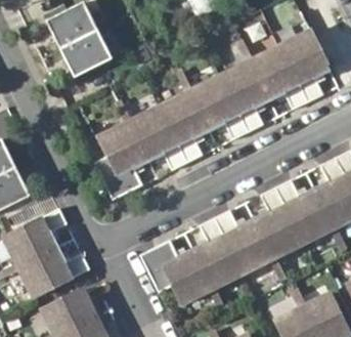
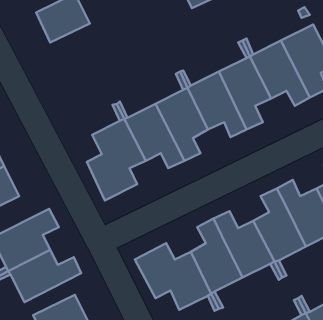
building: [60,30,113,76] -> none

